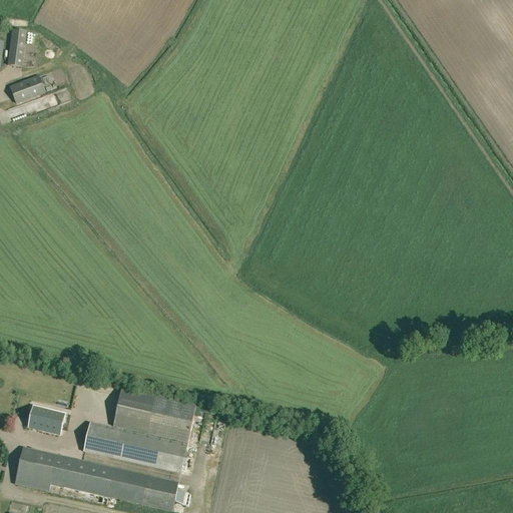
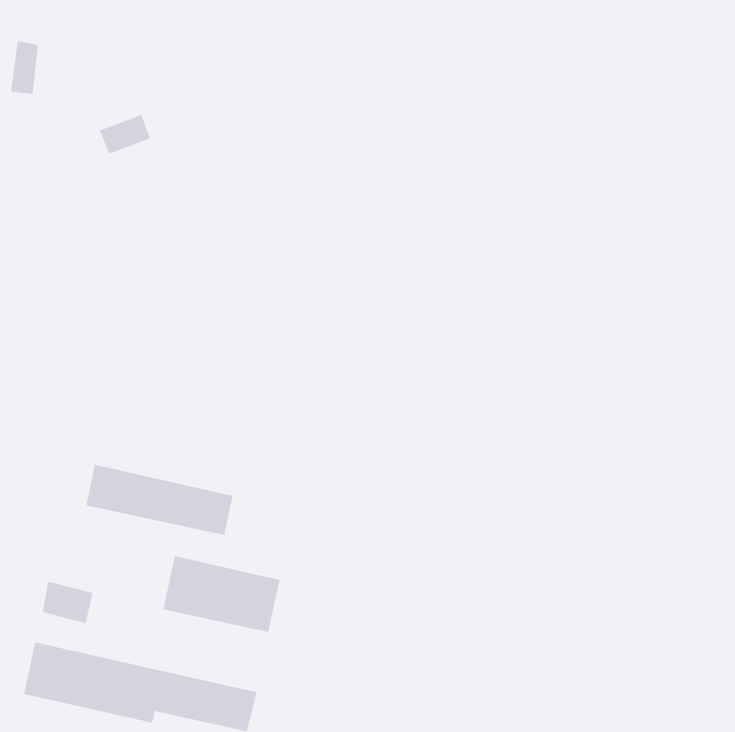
building: [9,74,45,102] -> [99,115,151,155]
building: [84,422,187,472] -> [85,464,234,536]

